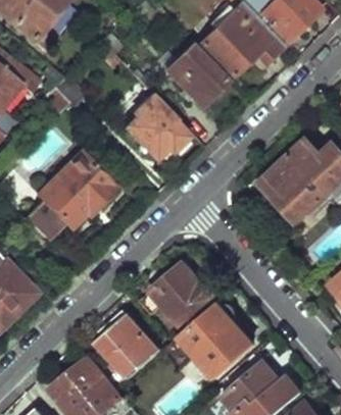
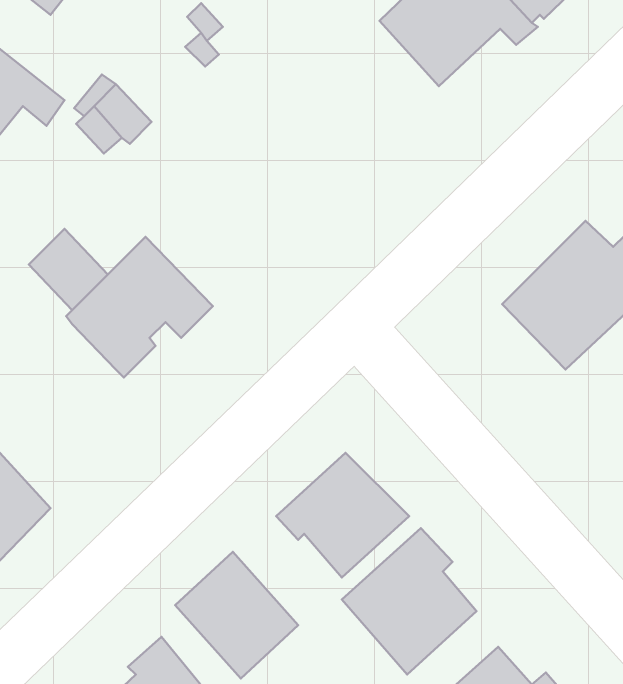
building: [164,48,223,107] -> none
building: [127,96,187,158] -> none
building: [25,198,65,240] -> [29,229,108,310]

